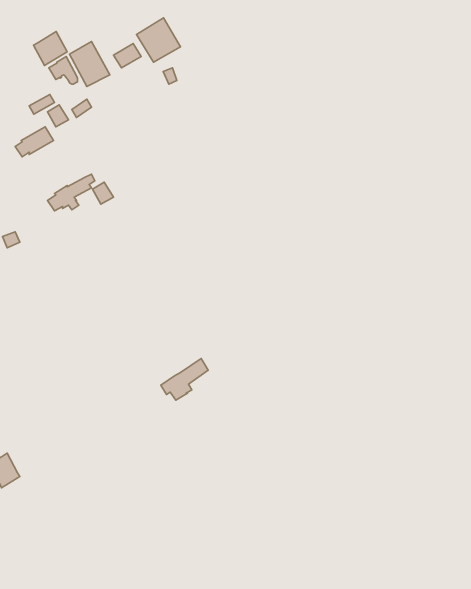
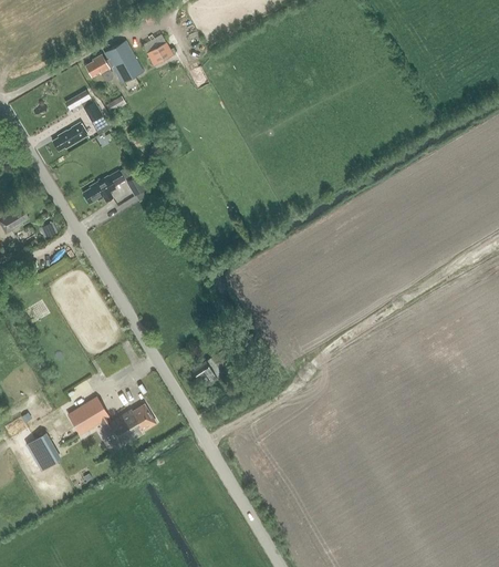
building: [137,18,181,62] -> none
building: [33,31,67,66] -> none
building: none -> [69,398,155,447]

